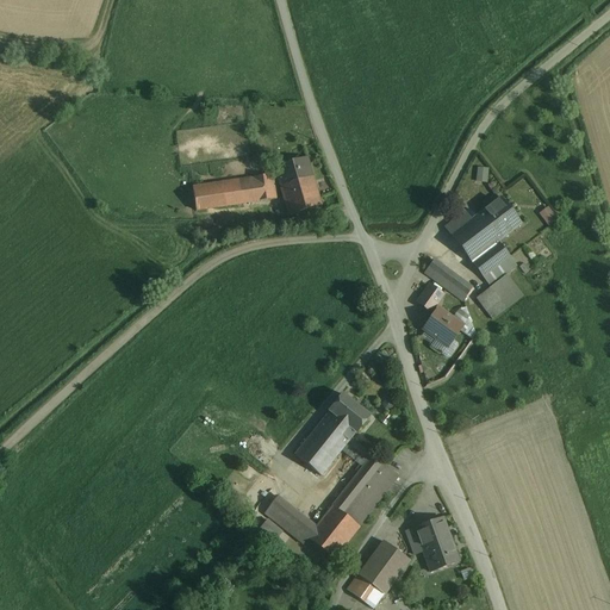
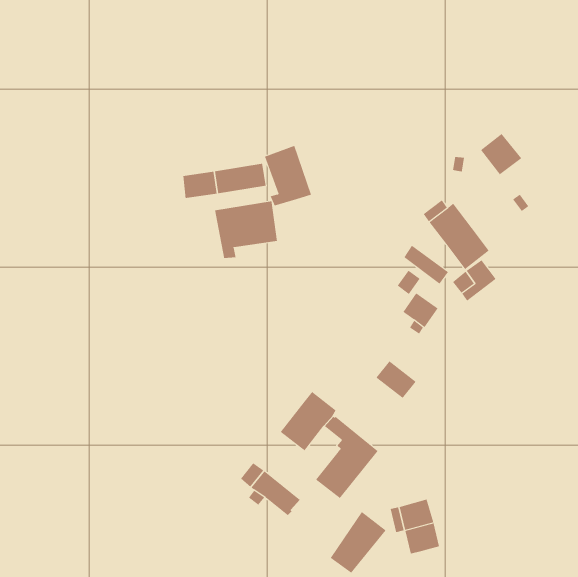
building: [477,195,521,239] -> [480,133,522,175]
building: none -> [214,201,277,259]
building: [326,392,369,432] -> [376,360,416,399]
building: [306,504,359,558] -> none

